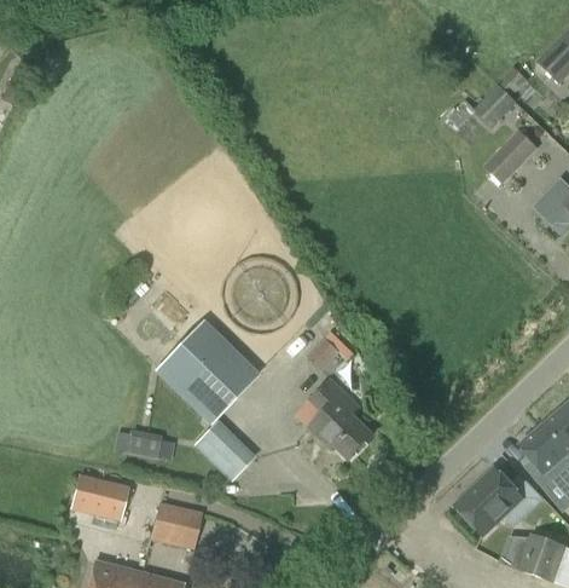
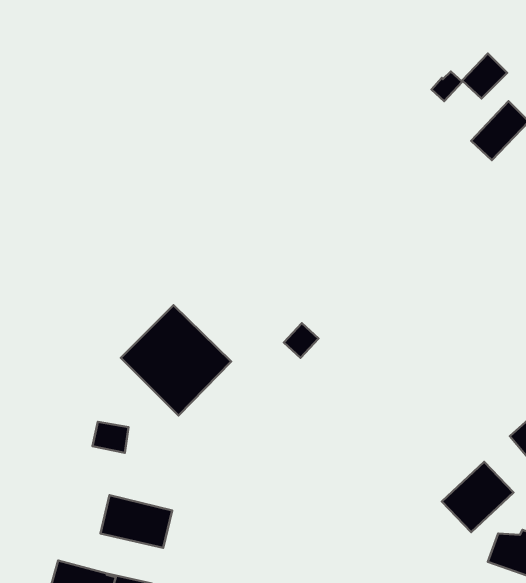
building: [310,377,375,460] -> none
building: [193,420,256,482] -> none
building: [76,480,130,524] -> none

